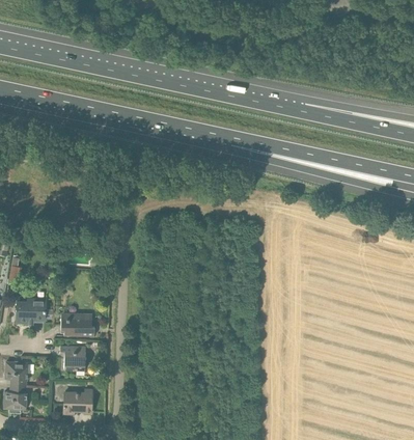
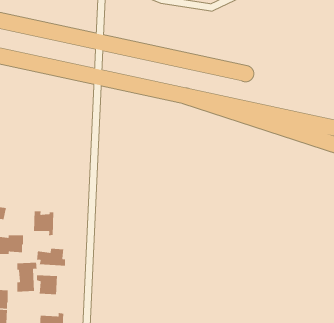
building: none -> [33,210,54,236]
building: none -> [16,262,38,293]

